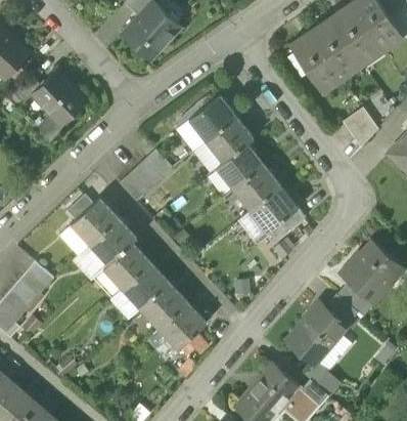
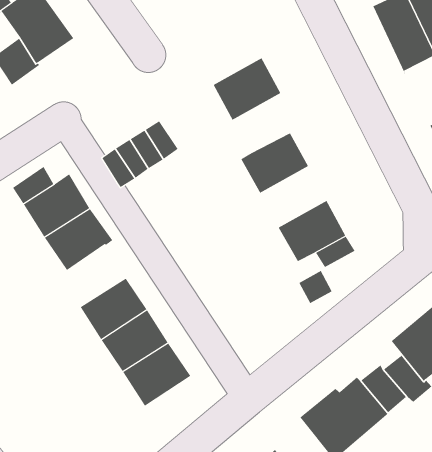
building: [205,118,253,163] -> none
building: [232,165,279,211] -> none
building: [102,243,149,289] -> none

